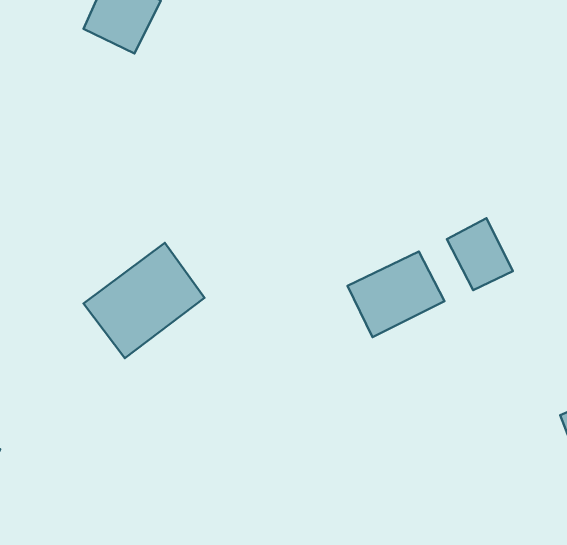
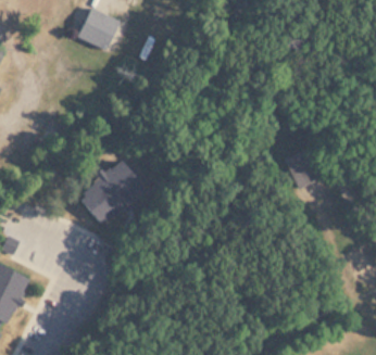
building: [348,251,444,337] -> none

